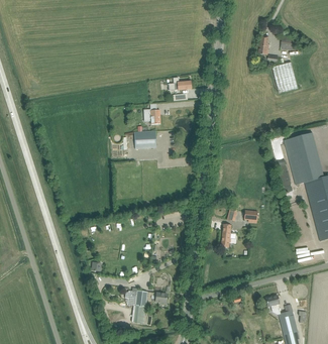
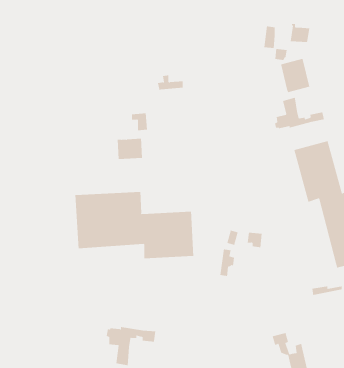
building: none -> [274,97,325,129]
building: none -> [75,191,194,259]

